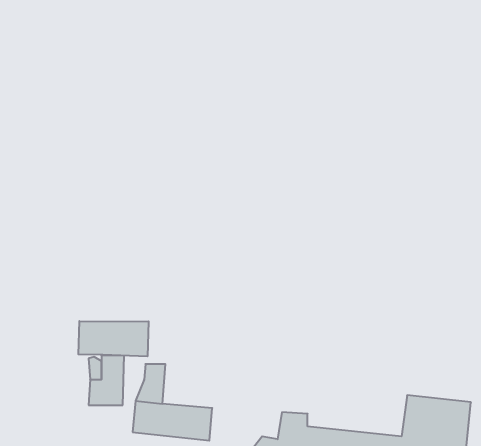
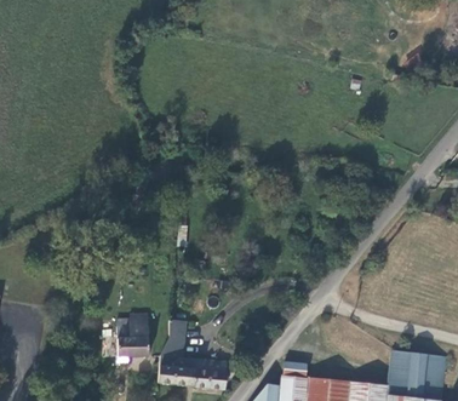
building: [78,321,149,356] -> none

